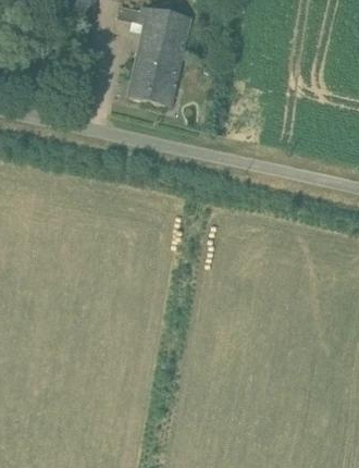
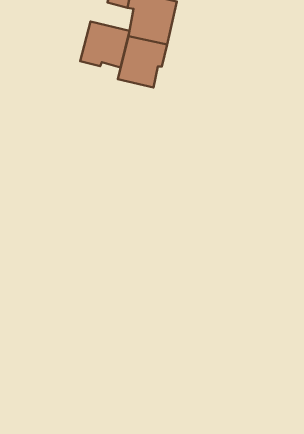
building: none -> [80,22,129,67]

